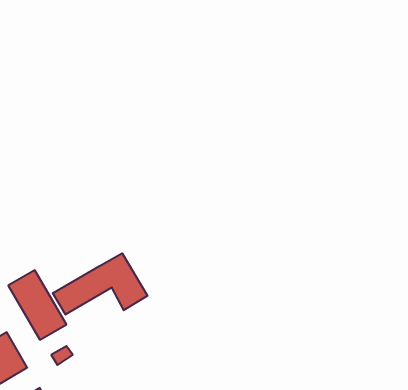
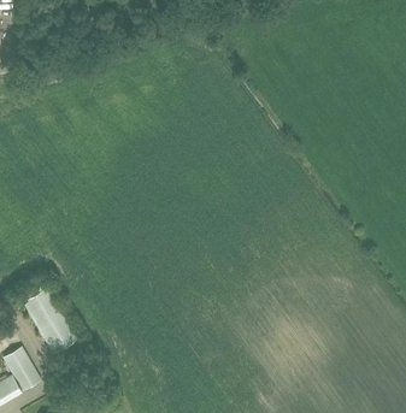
building: [53,253,147,315] -> none

